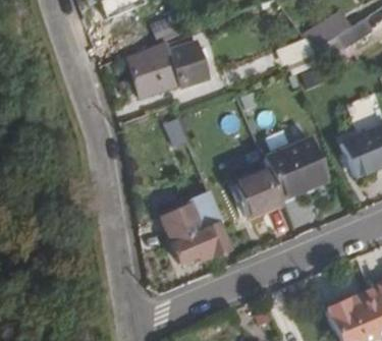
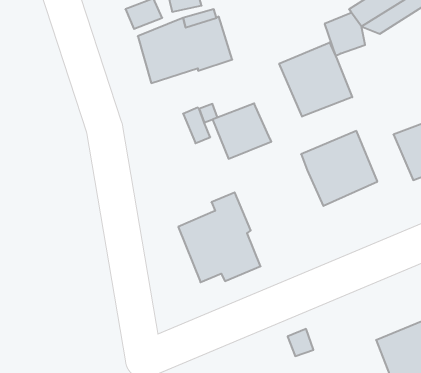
building: none -> [279,42,352,117]
building: [234,170,283,216] -> [212,103,271,159]

